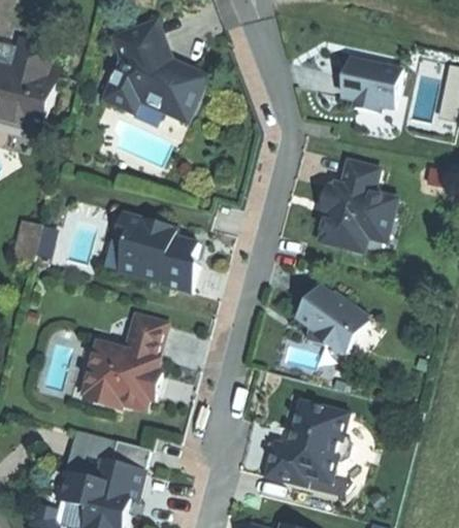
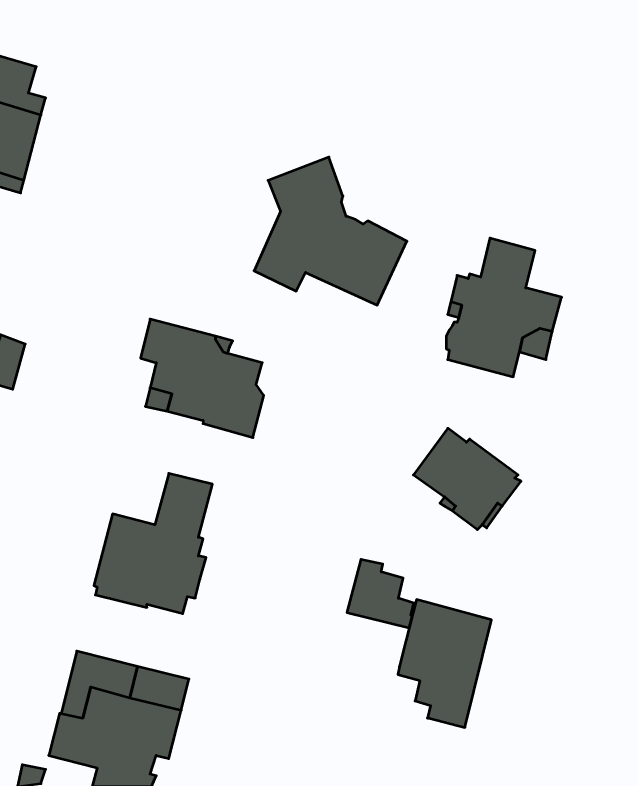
building: [103,21,204,119] -> [254,157,407,305]
building: [340,57,399,110] -> none
building: [263,439,307,485] -> [347,559,414,628]

